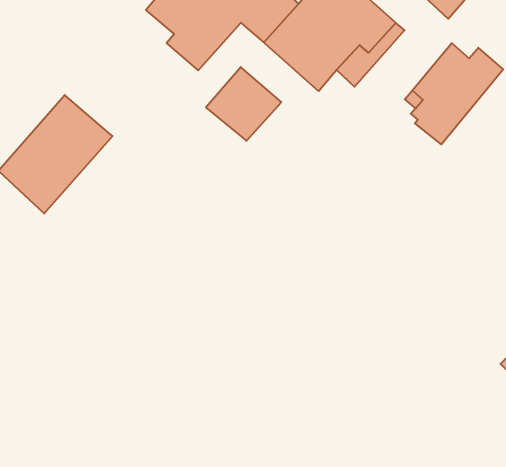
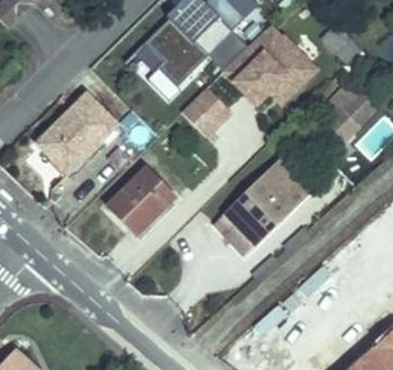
building: none -> [216,160,309,253]
building: none -> [107,167,174,234]

